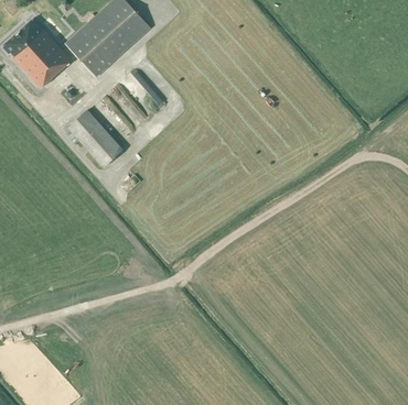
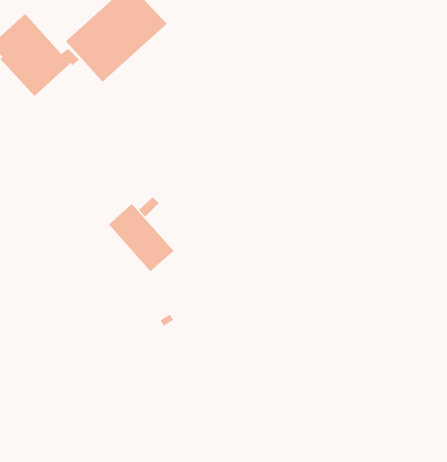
building: [67,111,122,168] -> [108,203,174,272]

